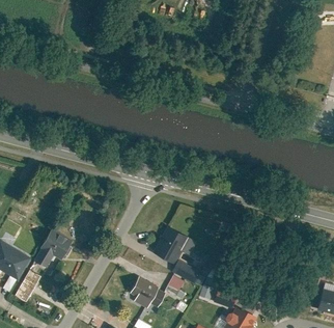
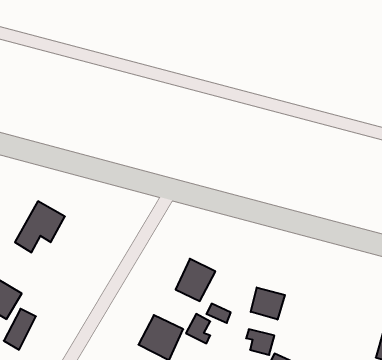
building: [34,227,75,269] -> [15,201,65,252]
building: none -> [251,287,285,320]

